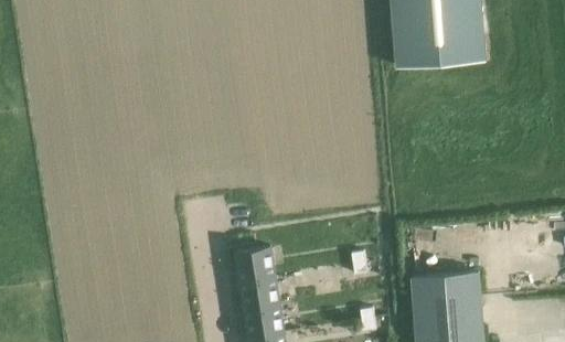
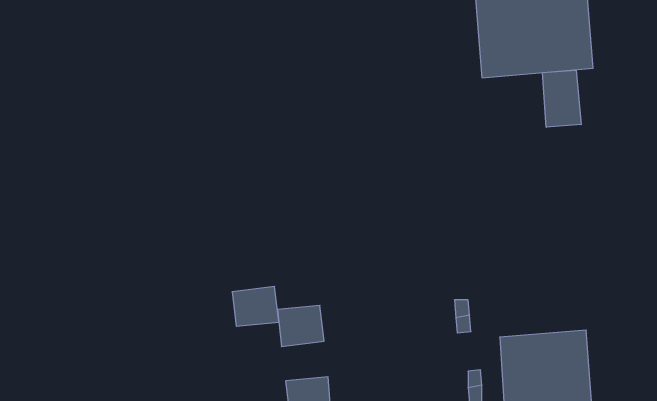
building: none -> [543,70,581,127]
building: [236,281,274,313] -> [232,286,279,326]

